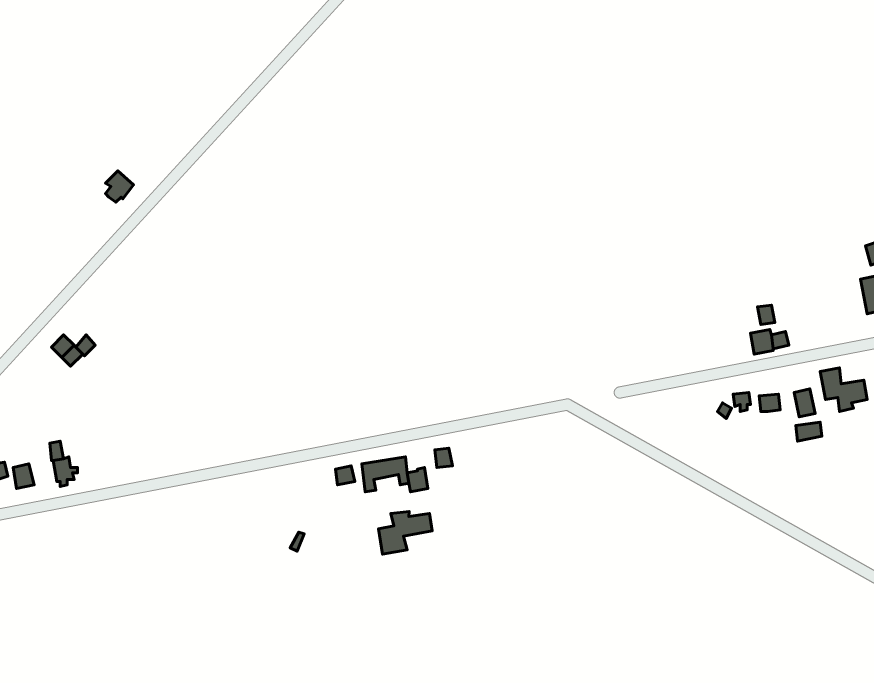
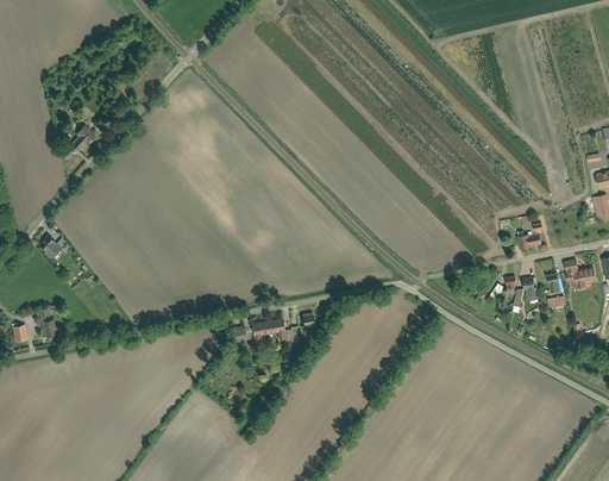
building: [378,511,432,554] -> none

